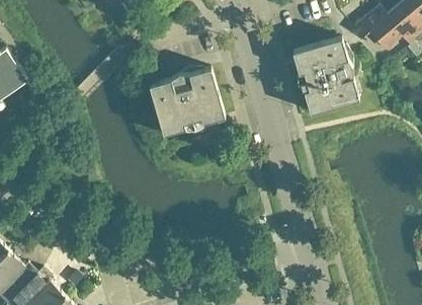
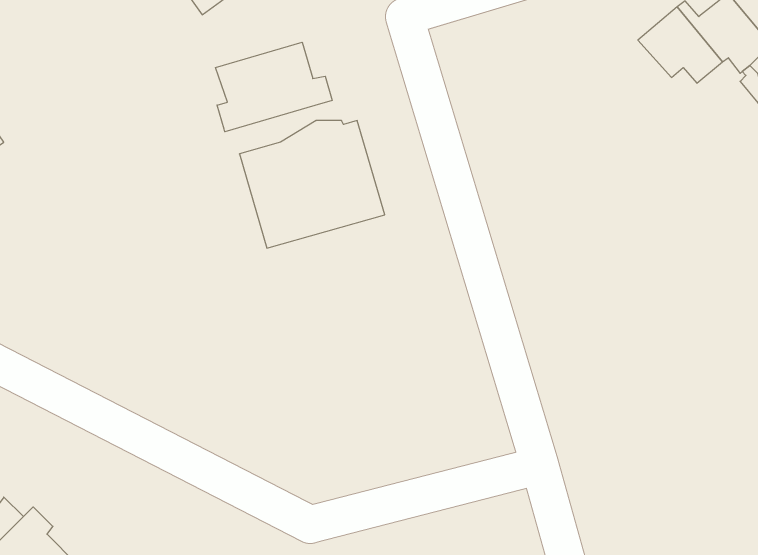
building: none -> [215,42,332,132]
building: [291,37,358,113] -> none

